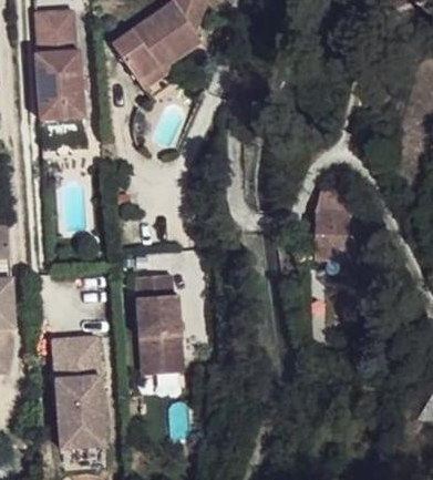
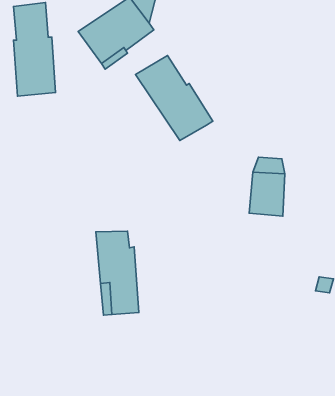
building: none -> [136,56,213,140]
building: [54,333,107,445] -> none

